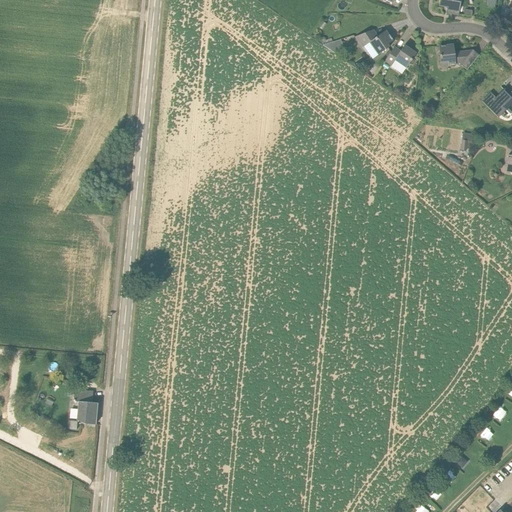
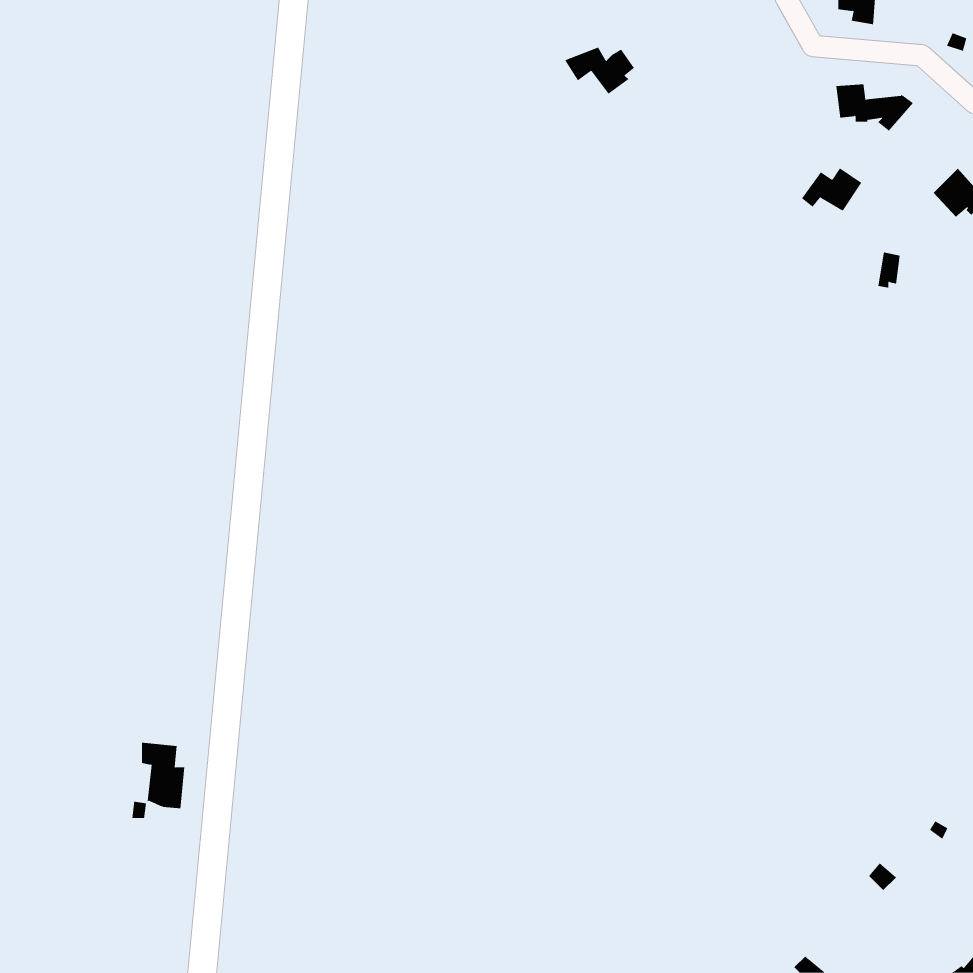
building: [356,29,393,54] -> [564,47,635,95]
building: [385,44,417,67] -> [801,168,862,211]

